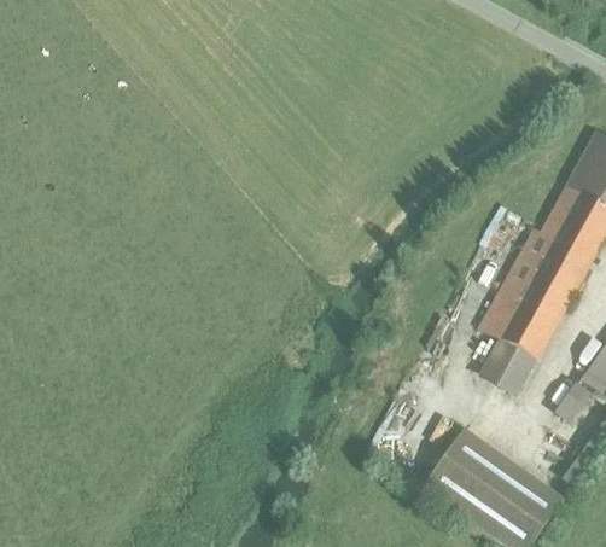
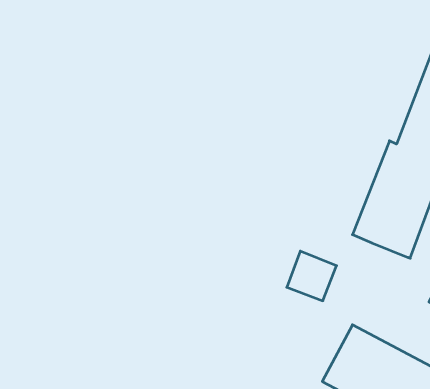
building: [479,337,538,396] -> [287,251,337,301]

